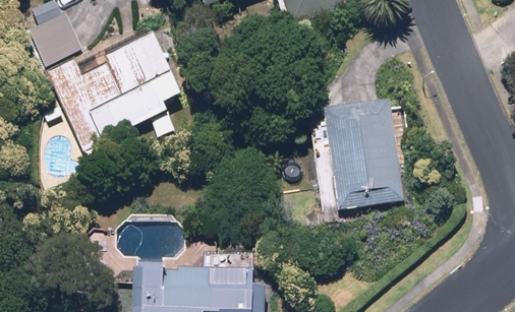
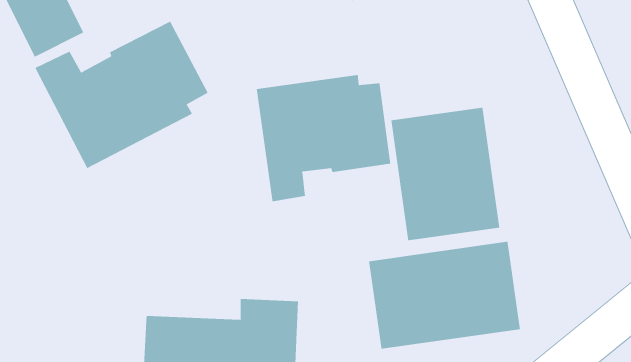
building: none -> [256,74,391,202]
building: none -> [368,241,520,350]

